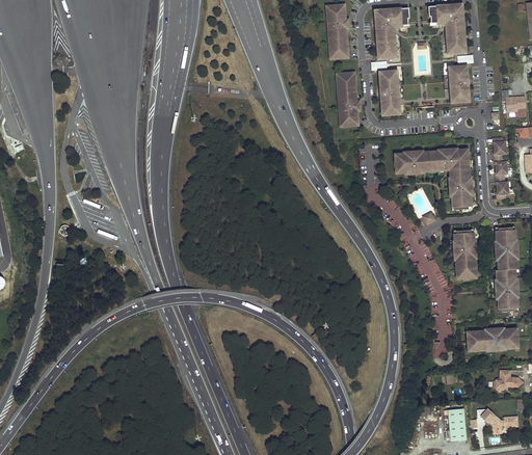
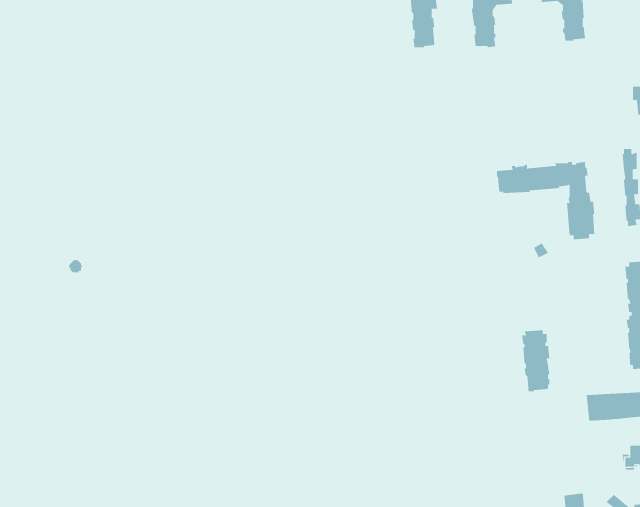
building: [449,65,469,102] -> none
building: [379,71,399,114] -> none
building: [337,73,360,126] -> none
building: [454,229,477,277] -> [521,330,550,392]

